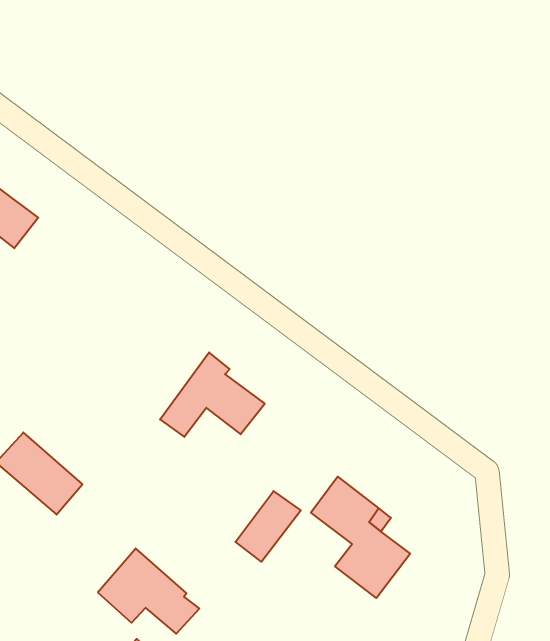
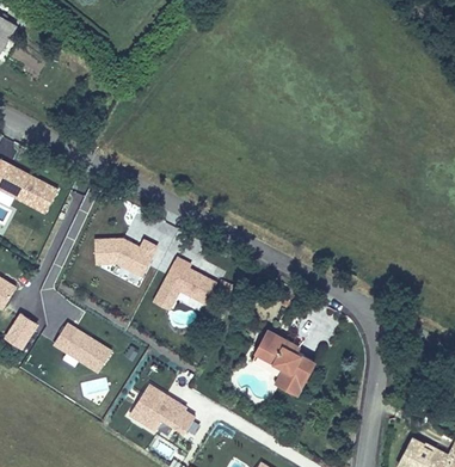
building: none -> [96,239,158,277]
building: [235,491,301,562] -> none

